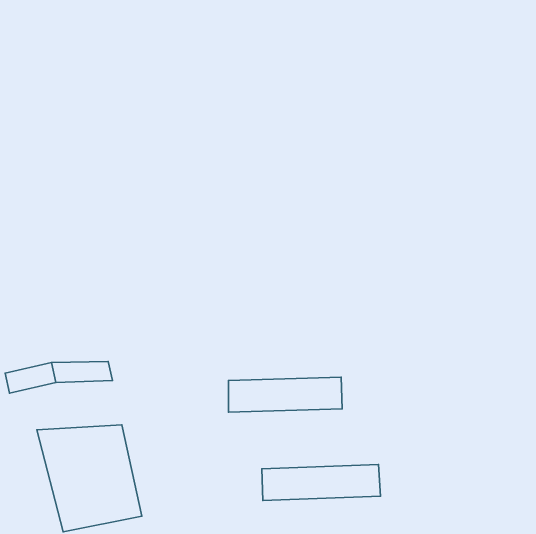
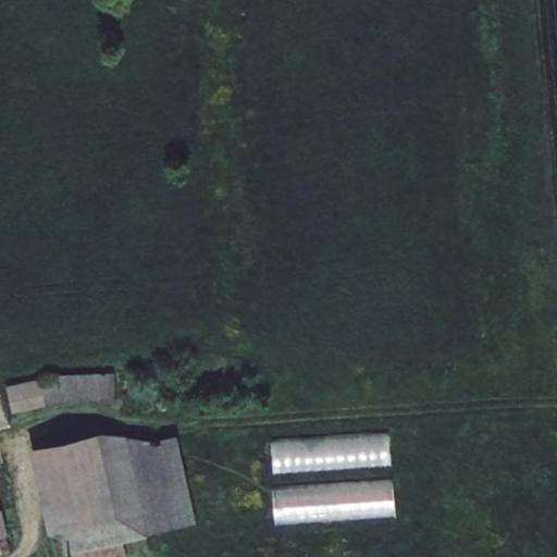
building: [229,377,342,412] -> [271,436,388,472]
building: none -> [126,440,193,537]

